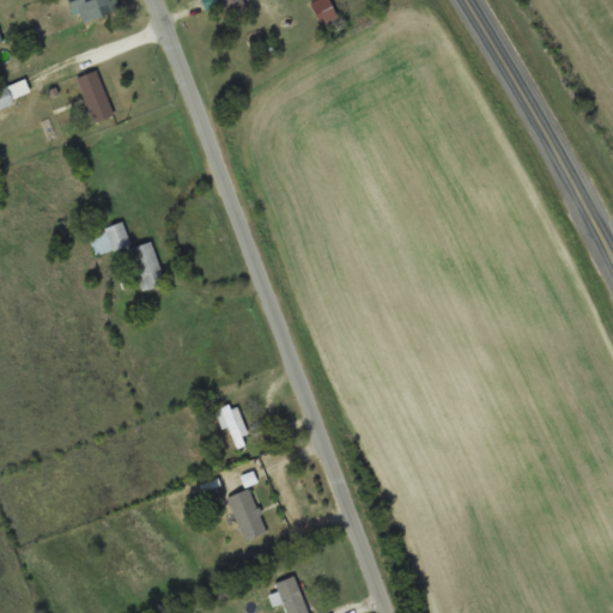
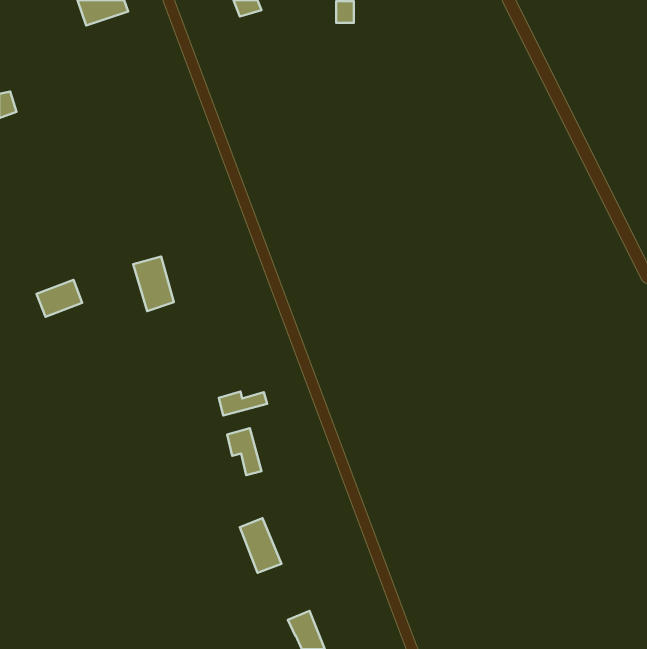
building: [77,71,115,123] -> none
building: [86,221,129,256] -> [37,280,82,317]
building: none -> [219,391,267,416]

